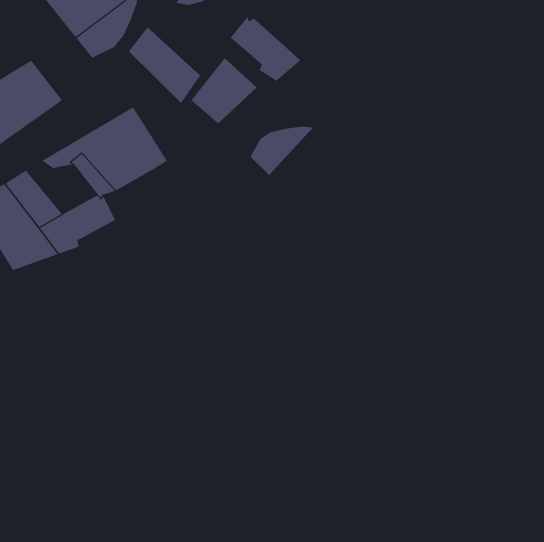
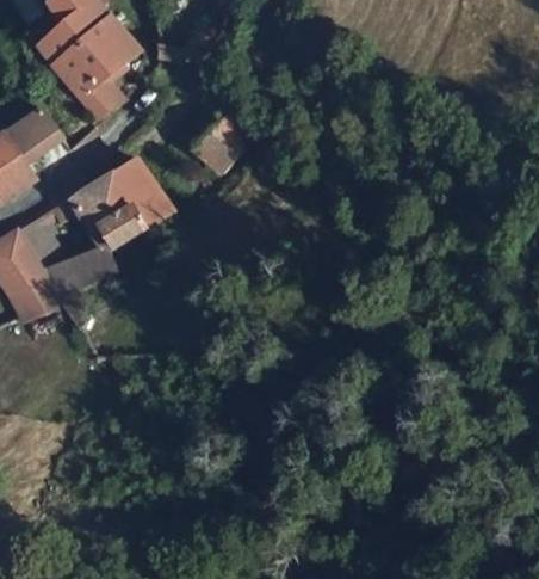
building: [230,16,301,82] -> none
building: [128,26,201,104] -> none
building: [250,126,314,176] -> none

